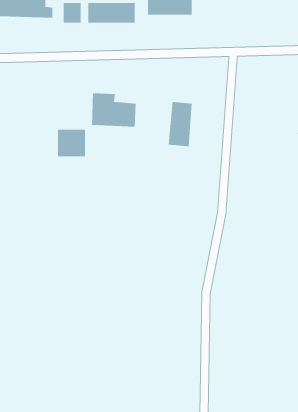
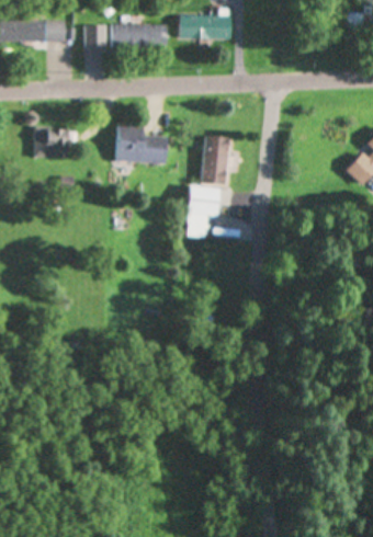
building: [57,129,86,157] -> [35,127,67,158]
building: none -> [188,186,218,237]

